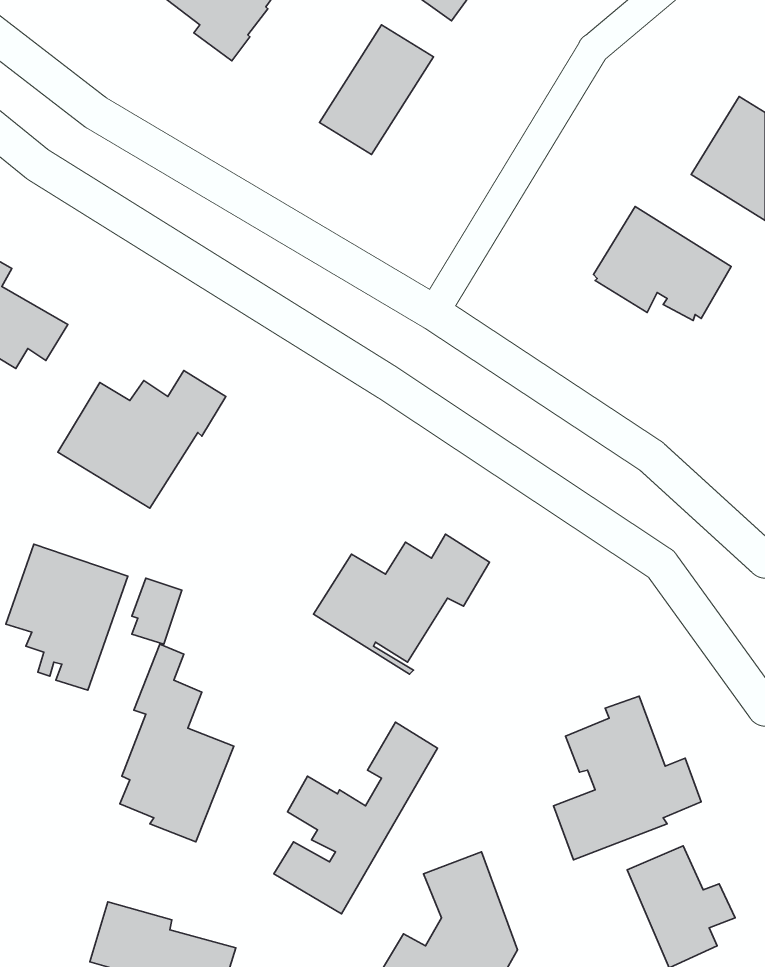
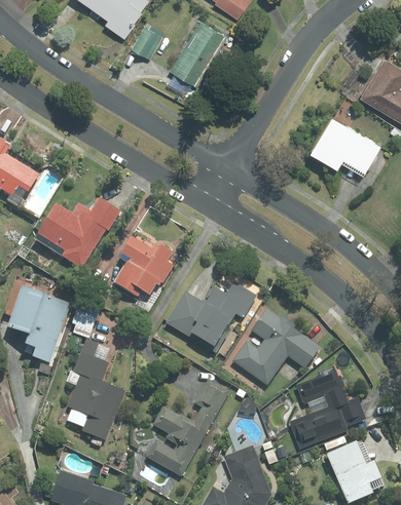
building: none -> [131,25,162,57]
building: none -> [115,236,179,297]
building: none -> [231,308,320,385]

